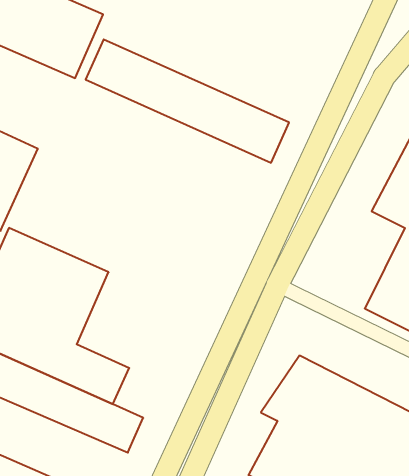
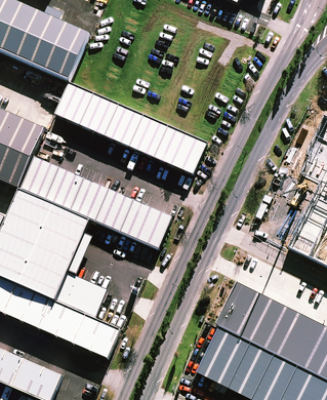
building: [86,39,289,163] -> [55,85,206,176]
building: none -> [22,157,173,250]

